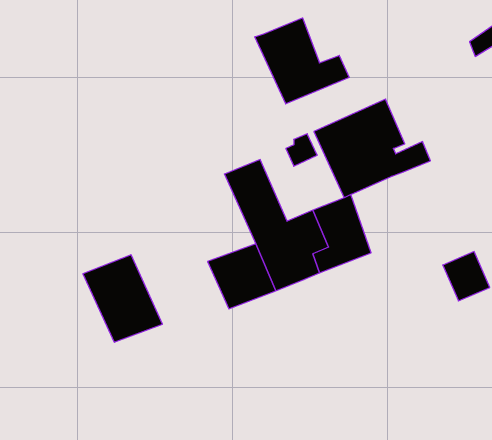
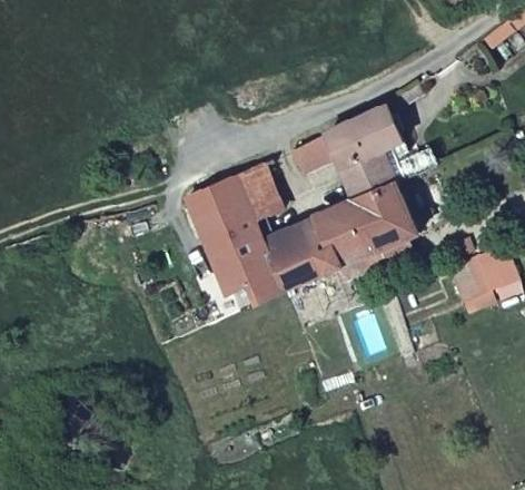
building: [255,18,349,104] -> none
building: none -> [355,179,419,255]
building: [83,255,162,342] -> [181,177,260,264]

